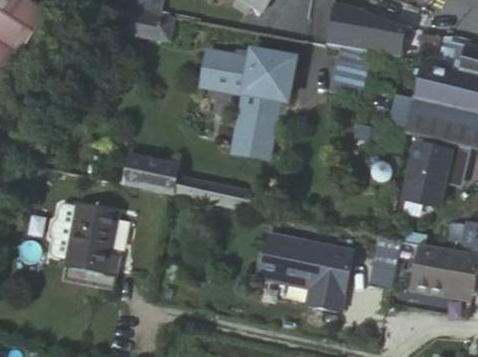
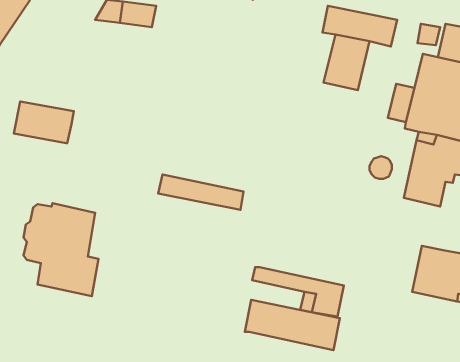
building: [200,46,293,155] -> none
building: [123,155,179,194] -> [14,102,74,143]
building: [265,233,354,281] -> [245,300,340,350]
building: [372,235,404,289] -> none

